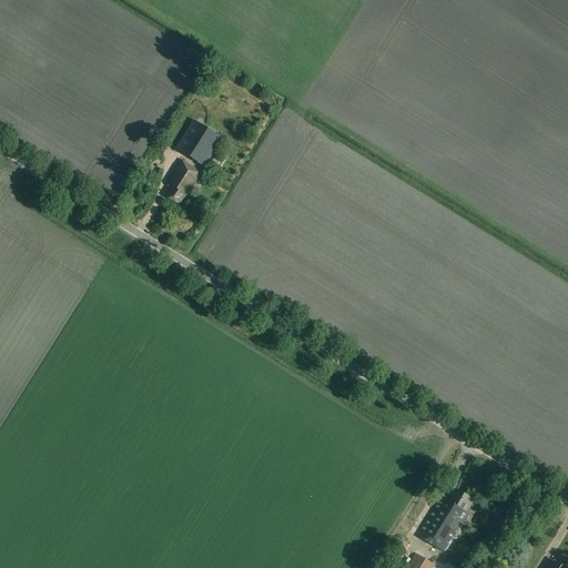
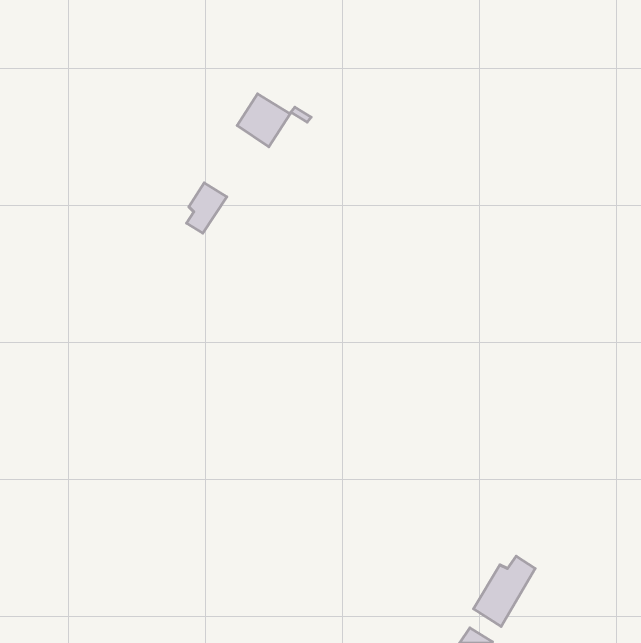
building: [174,120,221,166] -> [237,94,290,147]

